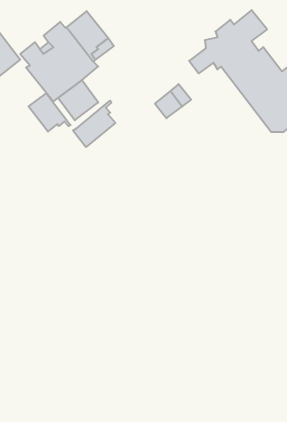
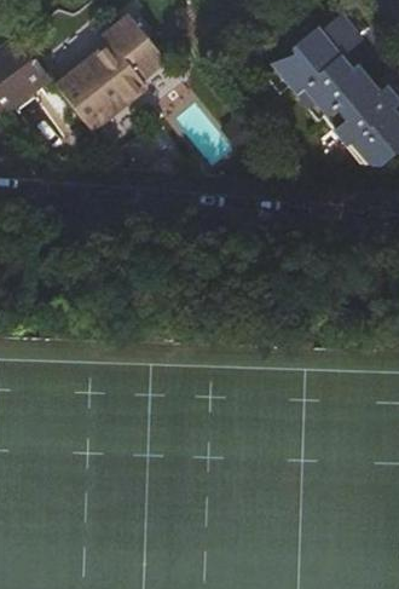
building: [29,93,71,132] -> none
building: [73,101,115,147] -> none

